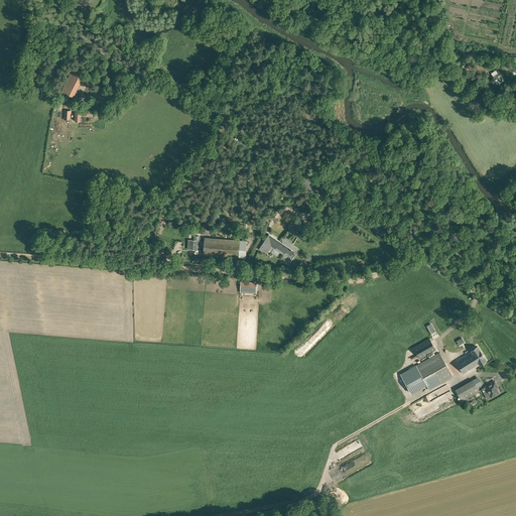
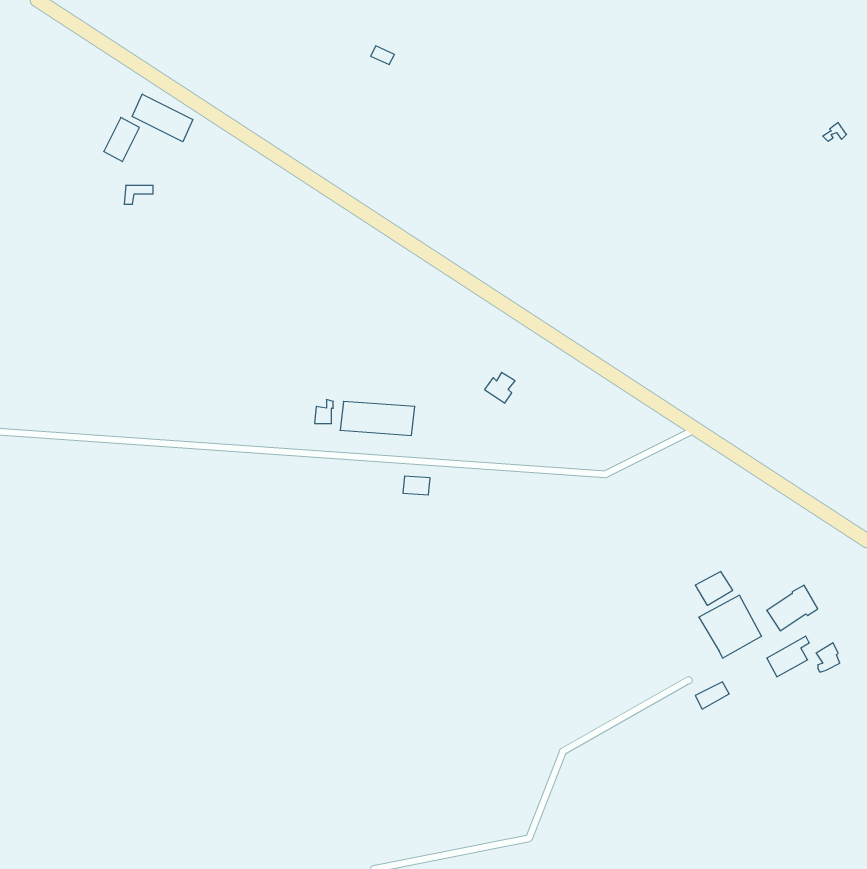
building: none -> [132,94,193,142]
building: [258,234,297,256] -> none
building: [399,366,426,395] -> none

